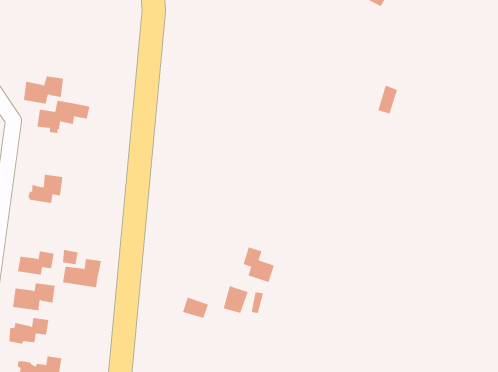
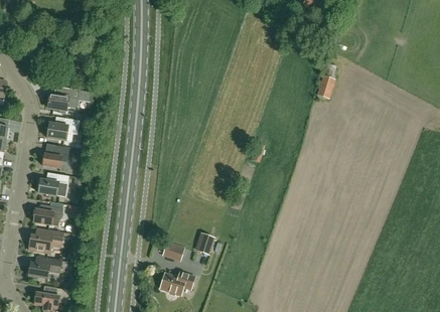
building: [23,76,64,104] -> [47,118,80,140]
building: [243,247,275,283] -> none
building: [62,258,102,288] -> [38,173,69,196]
building: none -> [160,272,194,295]

